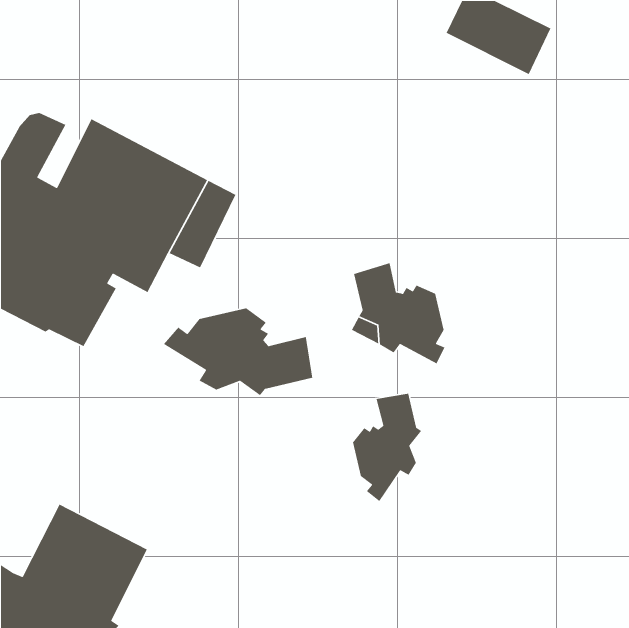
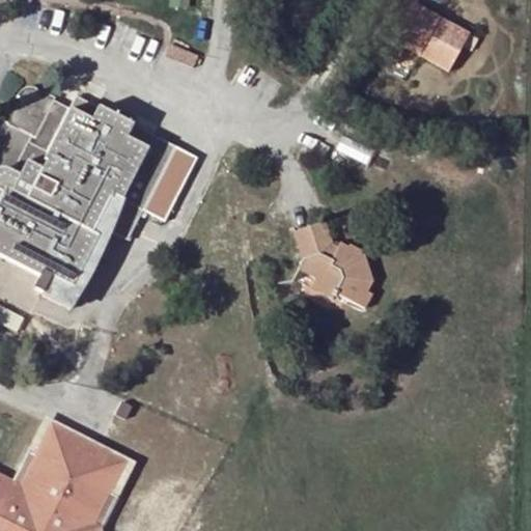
building: [163,308,313,396] -> none
building: [352,393,422,502] -> none

